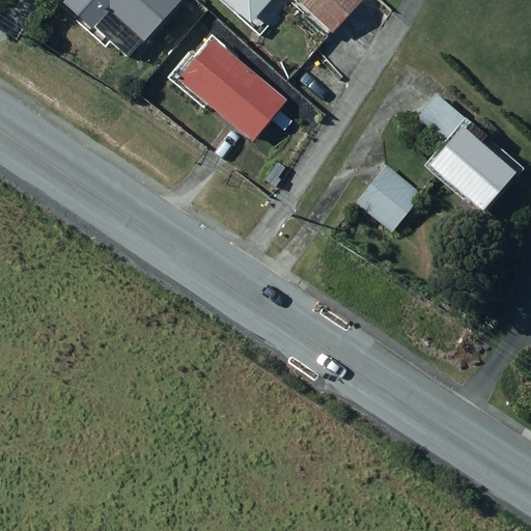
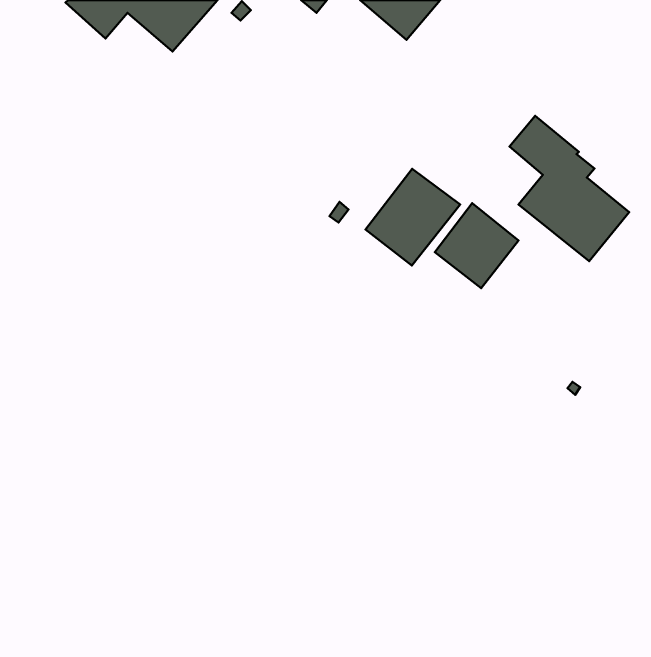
building: [177,36,287,142] -> none
building: none -> [365,169,460,265]

